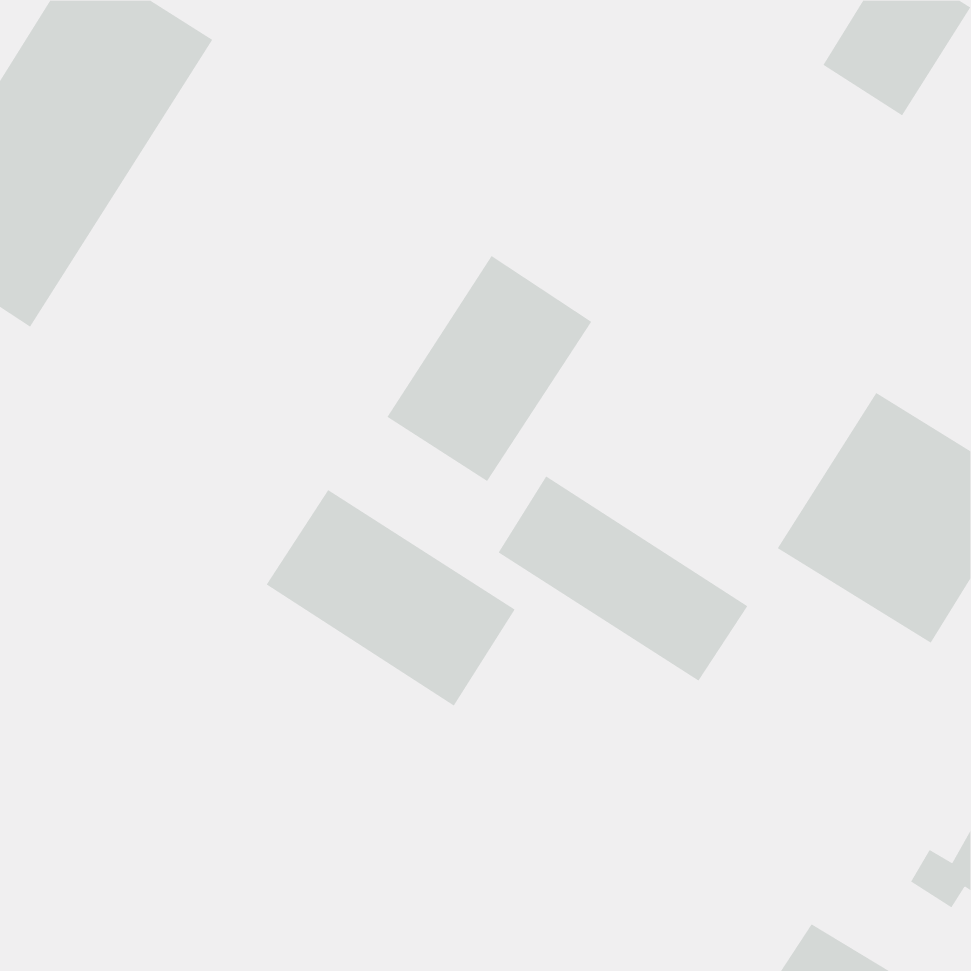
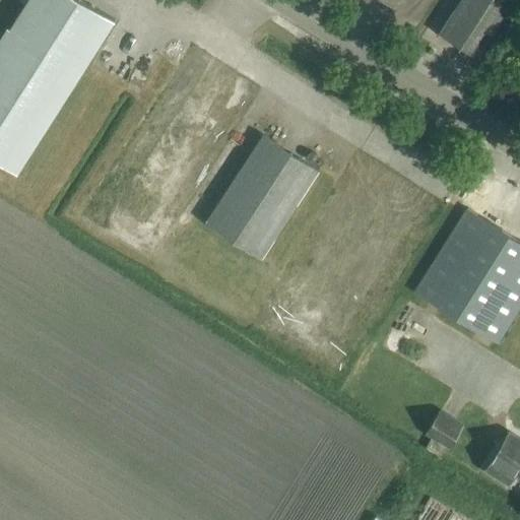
building: [498,475,748,682] -> none
building: [266,489,515,707] -> none
building: none -> [425,414,463,453]

